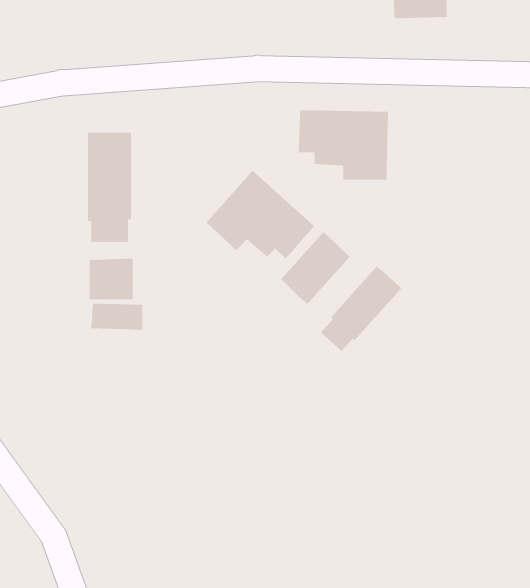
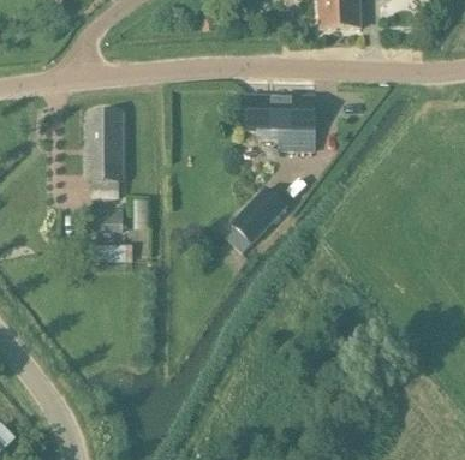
building: [206,170,315,259] -> none
building: [320,266,402,352] -> none

